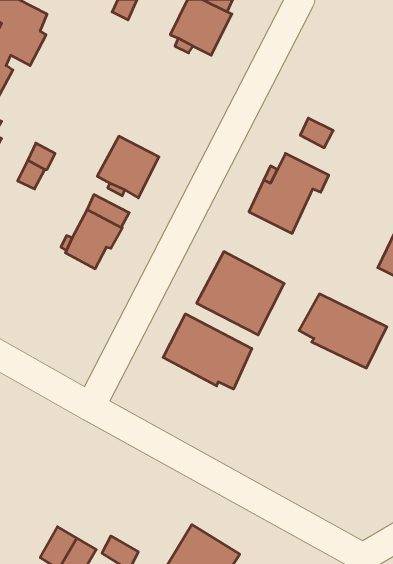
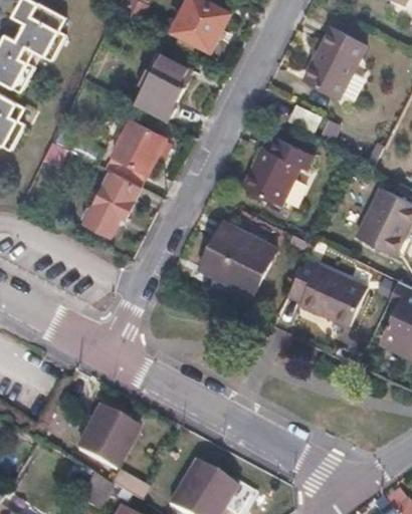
building: none -> [302,27,366,98]
building: none -> [137,56,186,118]
building: [163,314,252,389] -> none
building: none -> [78,409,137,470]

